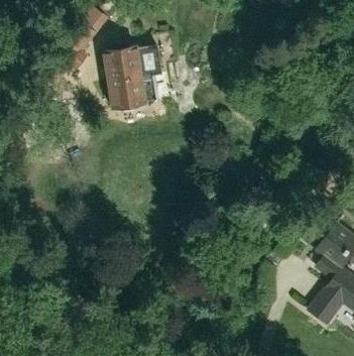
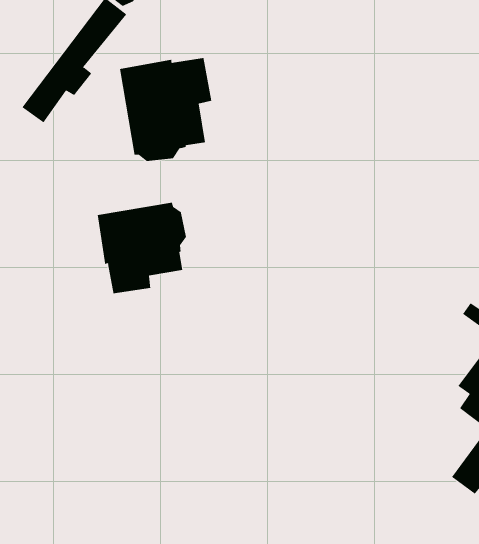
building: none -> [97,202,187,294]

